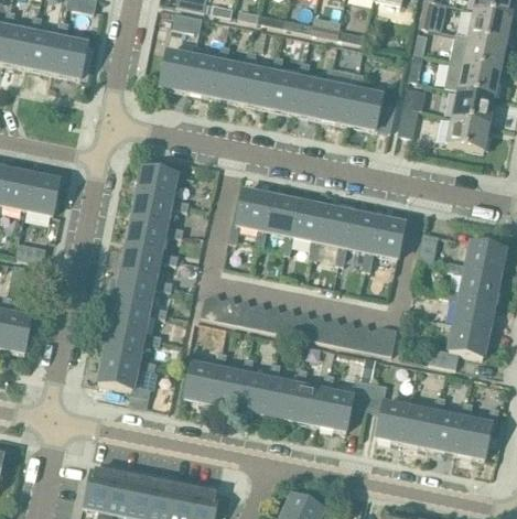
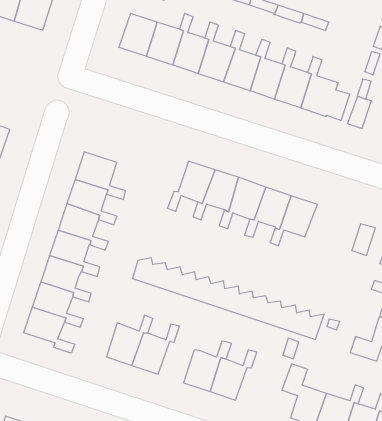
building: [137,165,189,209] -> none
building: [360,217,405,269] -> none
building: [238,360,280,412] -> none
building: [319,377,370,429] -> none

